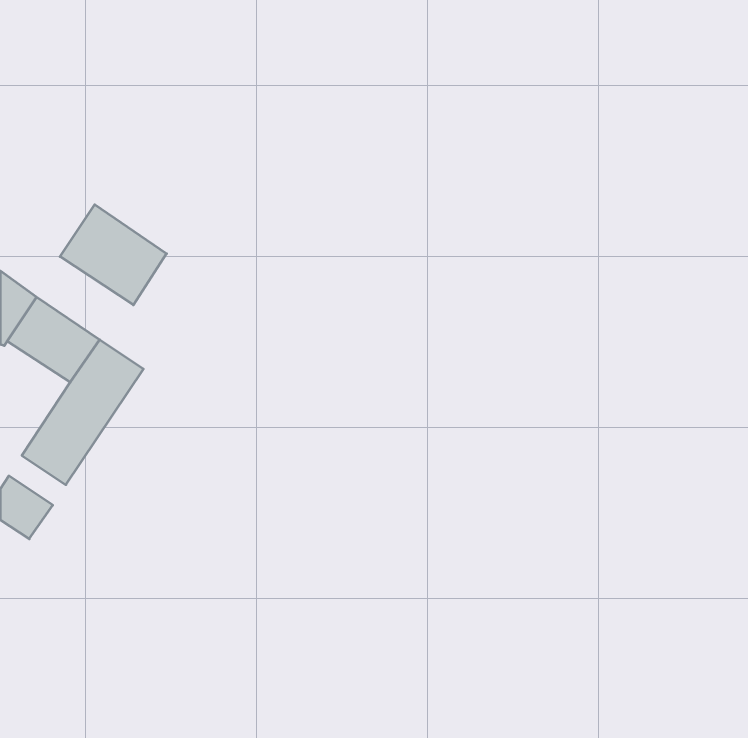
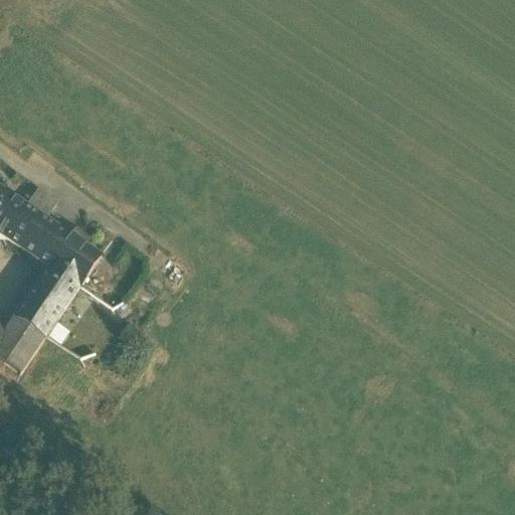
building: [60,205,167,305] -> none
building: none -> [6,313,45,347]

